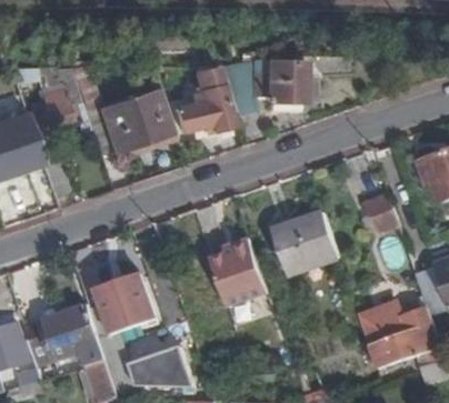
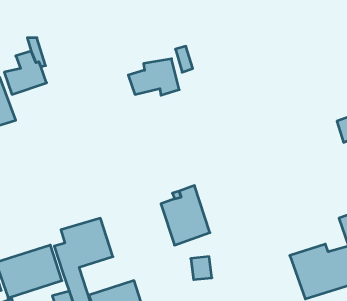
building: [249,63,300,100] -> none
building: [98,92,173,150] -> none
building: [361,193,402,242] -> none
building: [270,211,338,272] -> none

